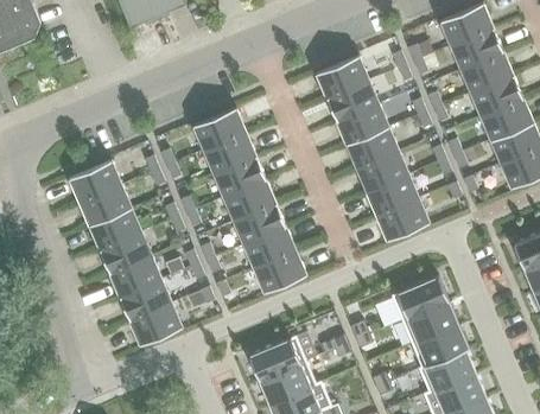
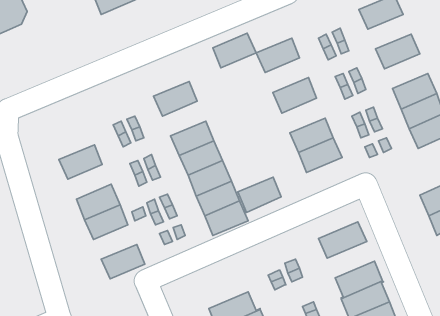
building: [450,26,502,68] -> none
building: [470,74,522,115] -> none
building: [326,78,379,120] -> [213,33,256,68]
building: [347,127,399,168] -> none
building: [203,130,255,172] -> none
building: [69,159,121,200] -> none
building: [376,198,428,241] -> [238,177,281,213]
building: [89,206,141,248] -> none
building: [120,279,172,320] -> none
building: [401,299,458,343] -> none
building: [248,335,306,380] -> none

